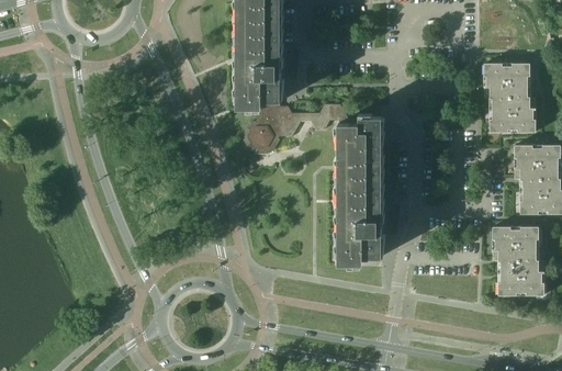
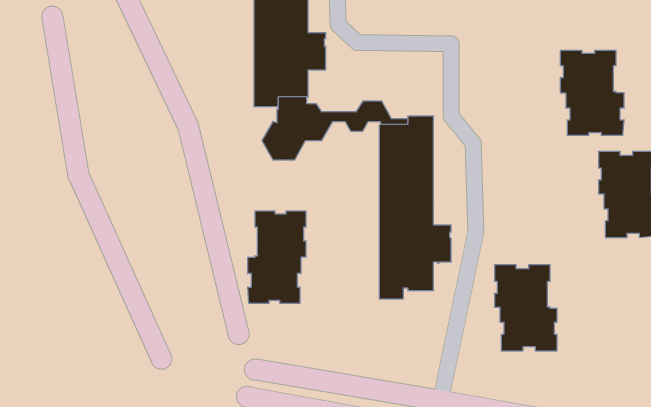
building: none -> [248,211,306,303]
building: [492,226,542,295] -> [494,265,557,351]

